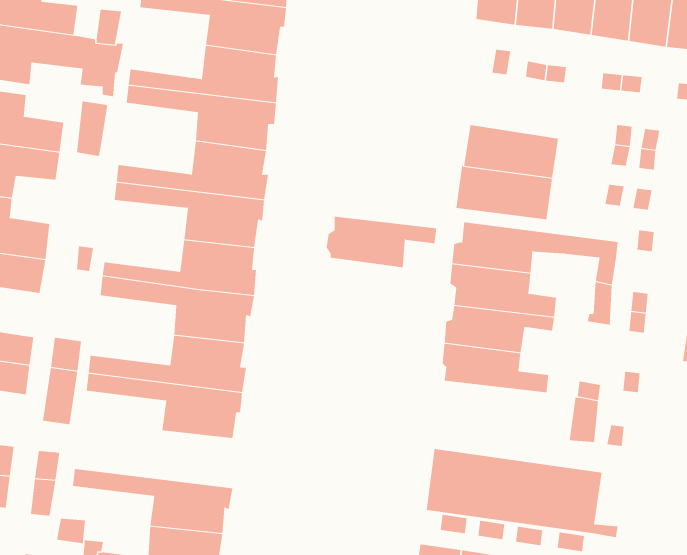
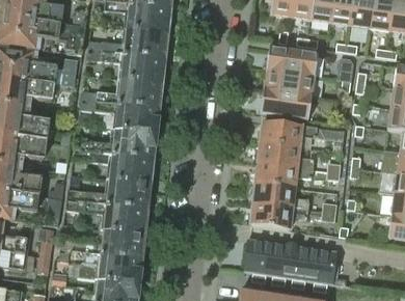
building: none -> [267,47,318,76]
building: [326,216,437,268] -> [250,202,308,229]
building: none -> [61,228,145,258]

